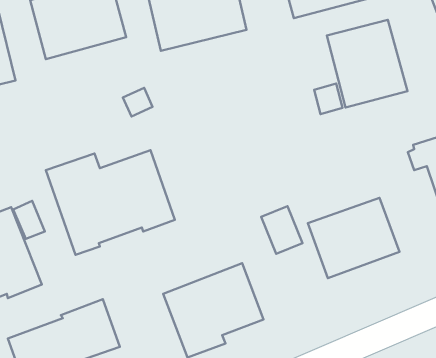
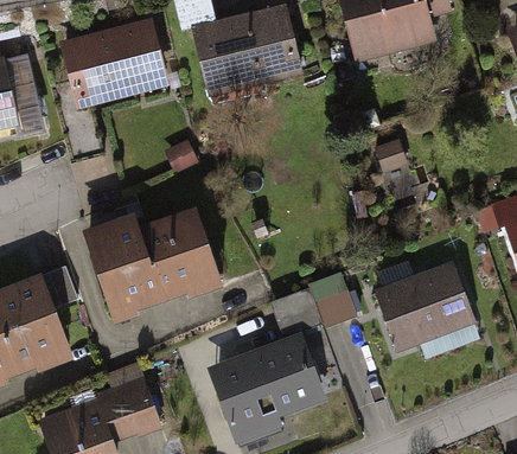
building: [327,20,408,107] -> none

